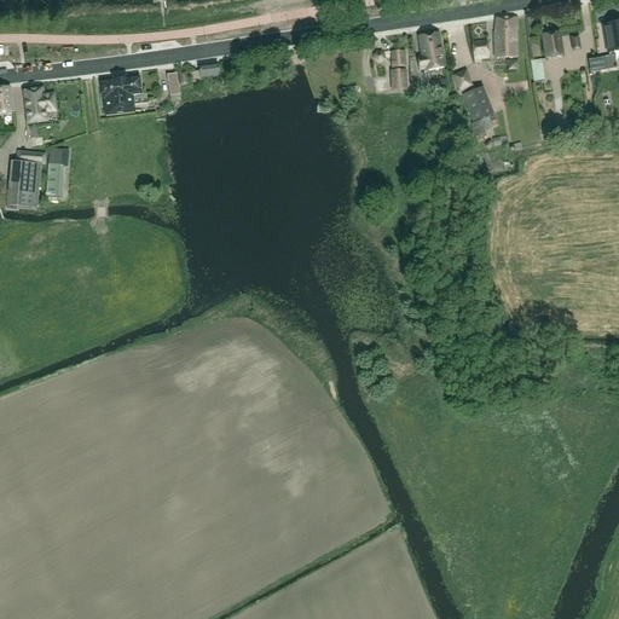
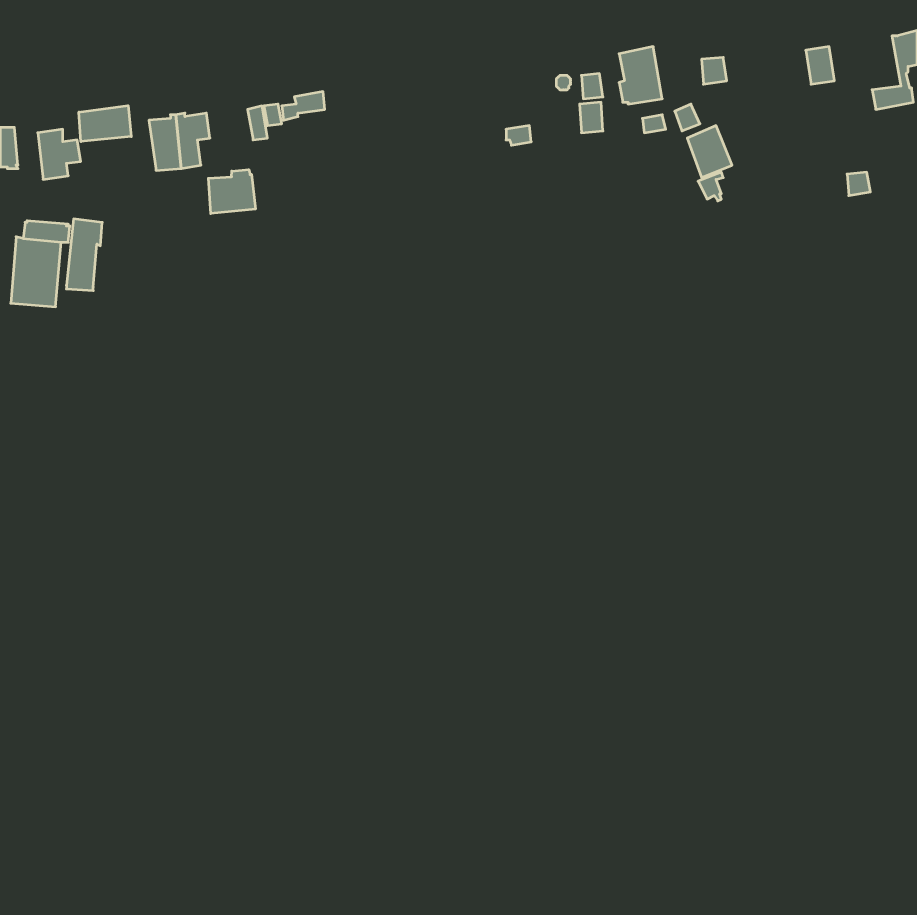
building: [493,17,517,57] -> none
building: none -> [79,106,131,142]
building: none -> [208,170,255,214]

